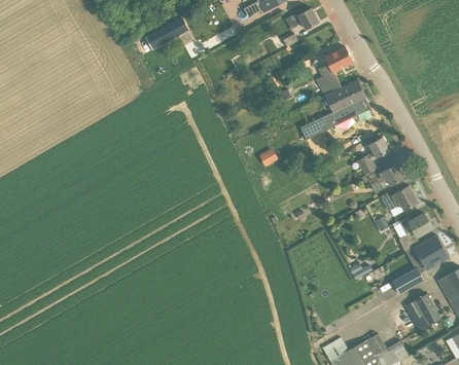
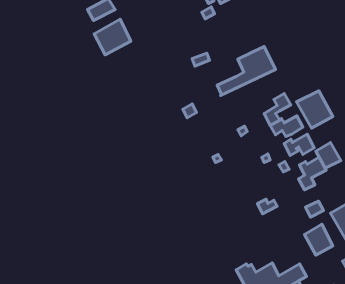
building: [318,46,352,96] -> none
building: none -> [94,19,131,55]
building: none -> [296,91,333,128]
building: [418,235,448,266] -> [316,143,341,168]

